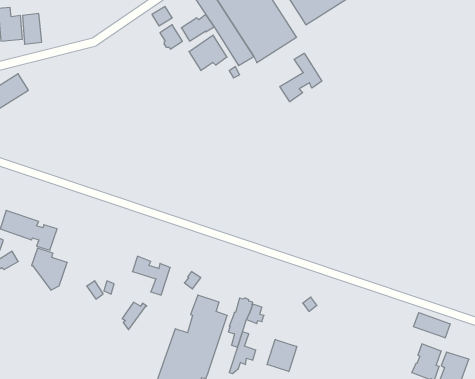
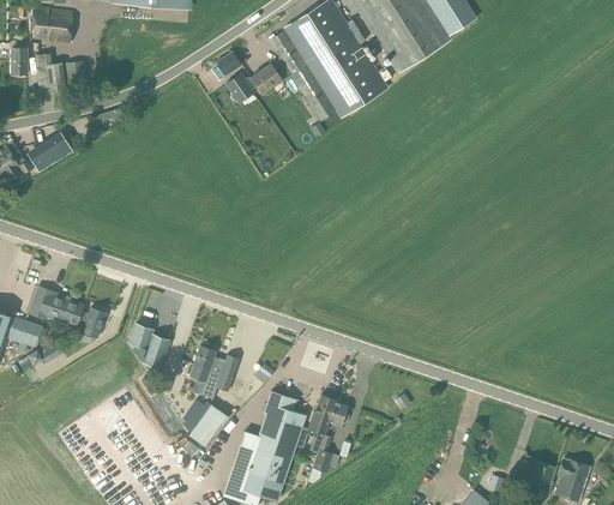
building: [189,35,227,71] -> none
building: [280,53,322,102] -> none
building: [32,248,67,290] -> [128,323,170,372]
building: none -> [188,363,222,398]
building: none -> [188,404,227,446]
building: [414,313,450,338] -> none
building: [267,339,297,372] -> none

